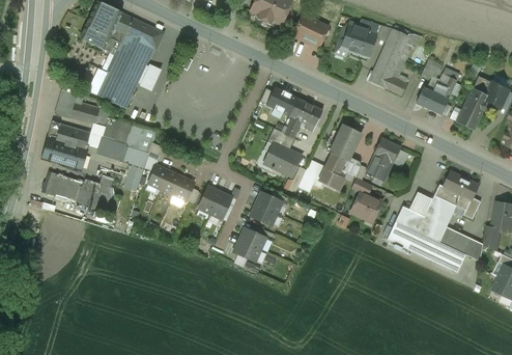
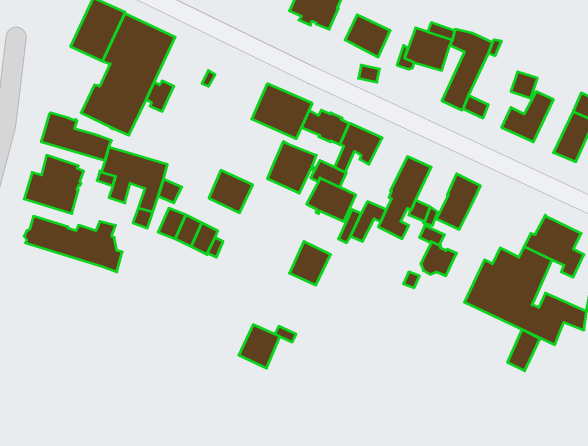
building: none -> [252,84,312,139]
building: none -> [268,141,316,193]
building: [198,186,232,219] -> [209,170,253,213]
building: [233,227,265,262] -> [239,325,280,368]
building: none -> [508,329,540,371]

